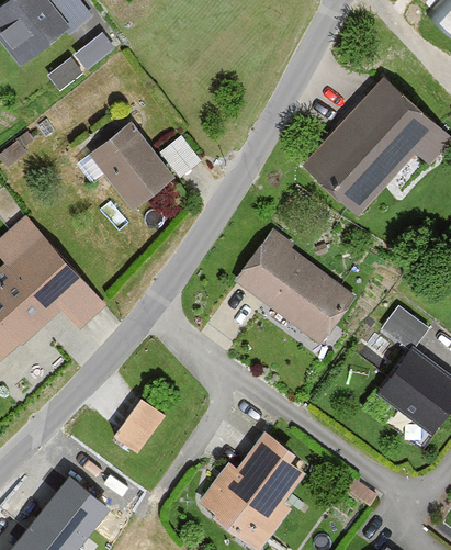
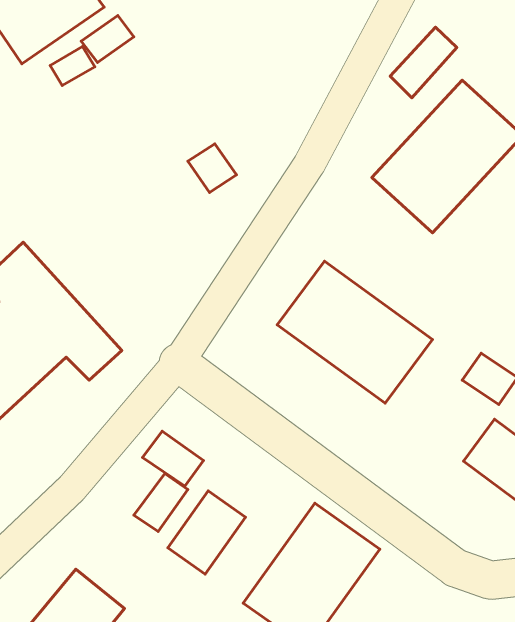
building: none -> [390,27,457,98]
building: [90,124,177,214] -> none
building: none -> [142,431,203,486]
building: none -> [168,491,246,574]

